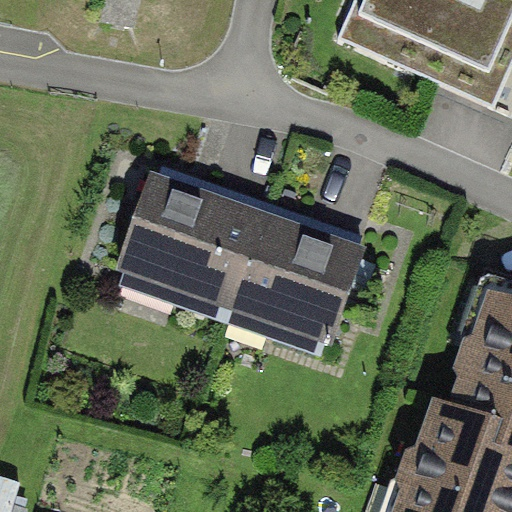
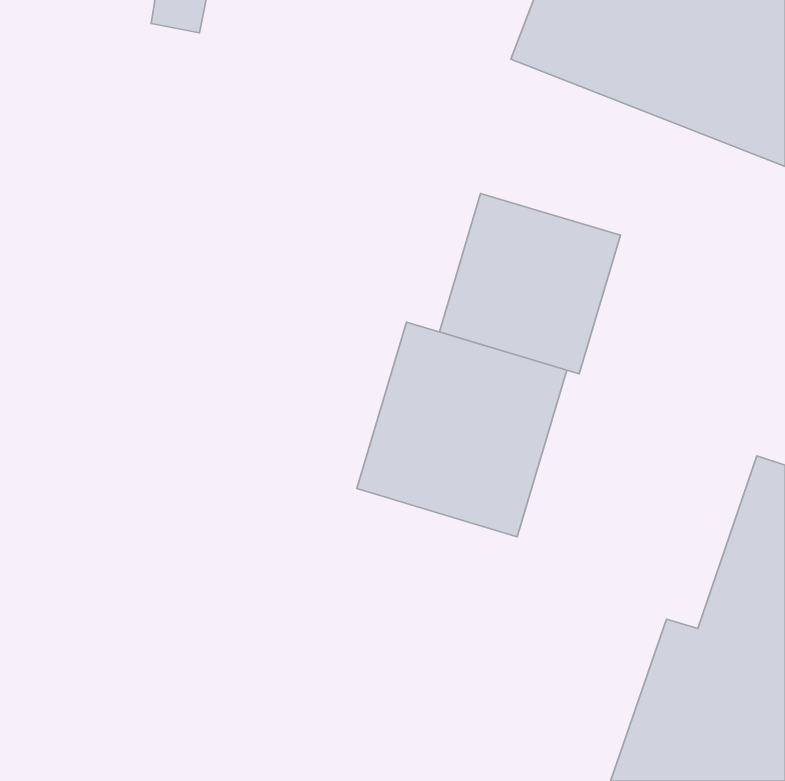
building: none -> [439,193,620,374]
building: [126,176,261,314] -> none

